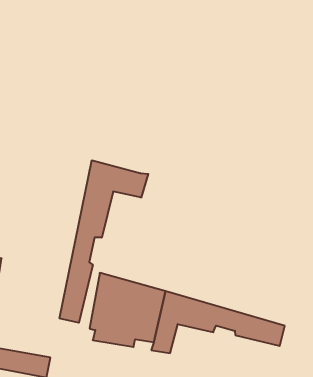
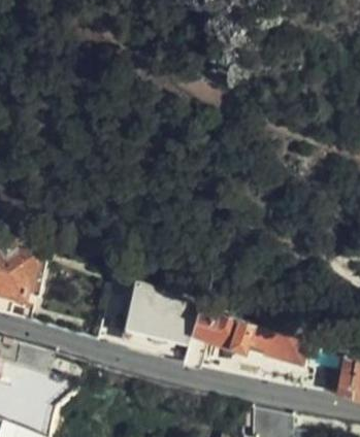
building: [60,160,148,323] -> none

